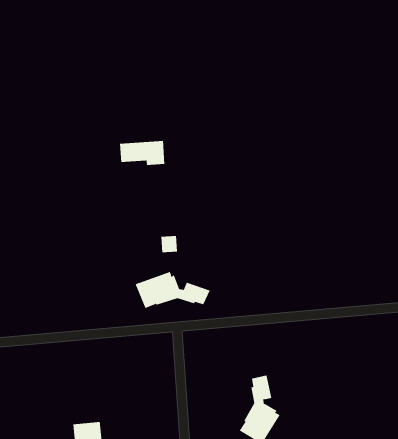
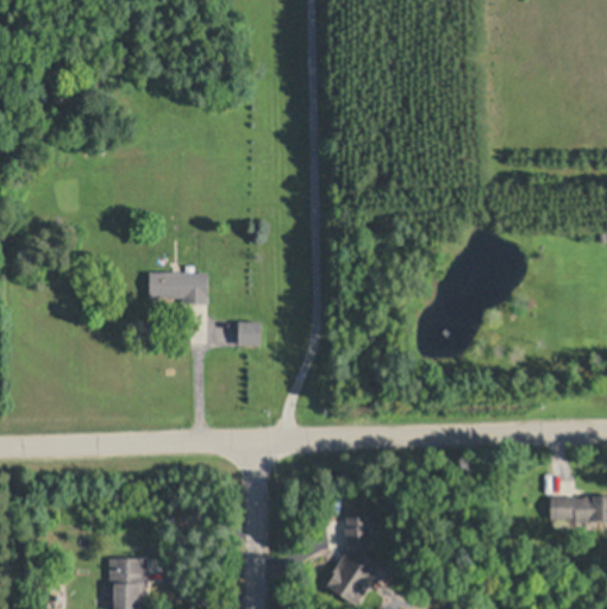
building: [119,141,165,165] -> [149,274,207,304]
building: [135,271,211,309] -> none

